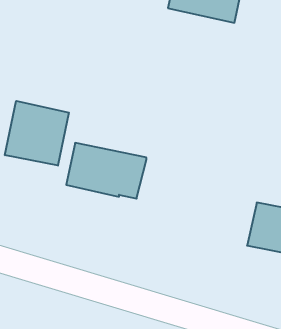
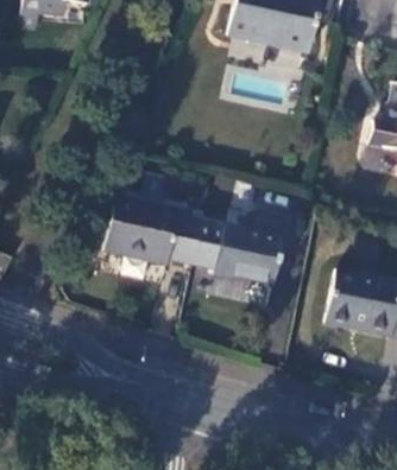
building: [5,101,69,166] -> none
building: none -> [189,220,283,290]

